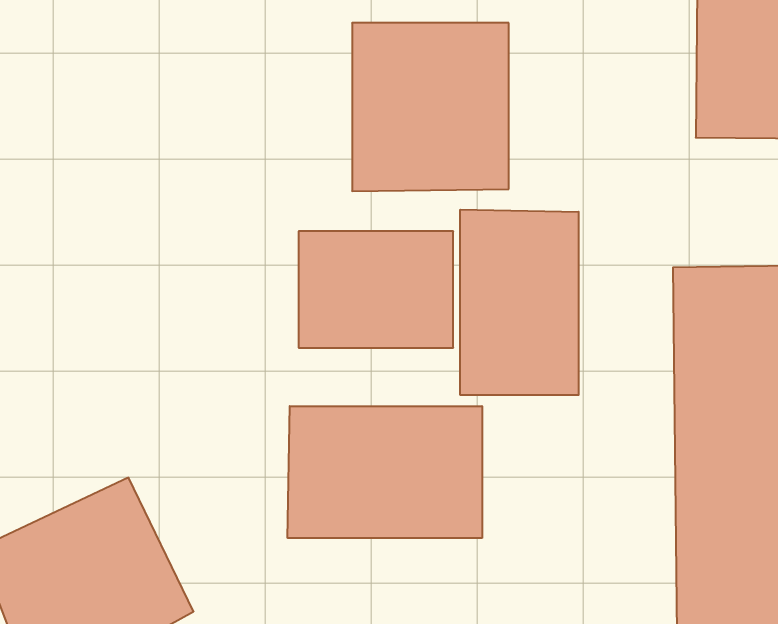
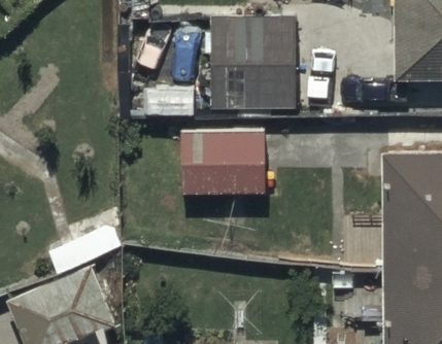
building: [460,210,579,395] -> none
building: [288,406,482,538] -> none

